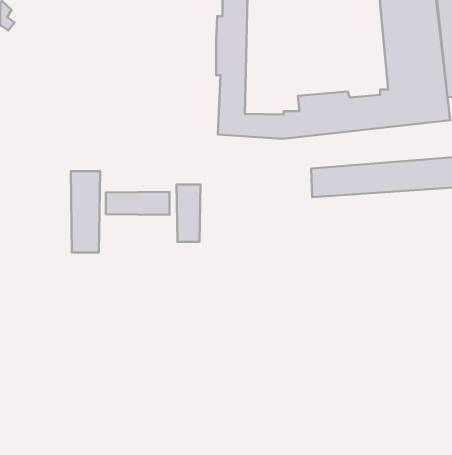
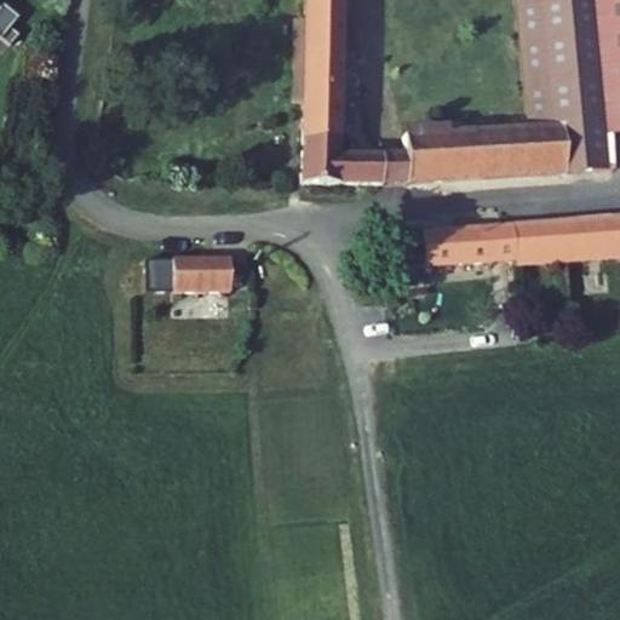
building: [71,171,100,252] -> none
building: [177,185,200,242] -> none

